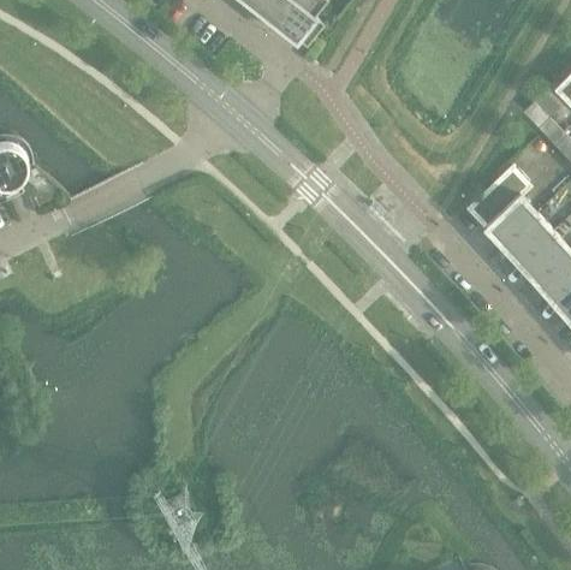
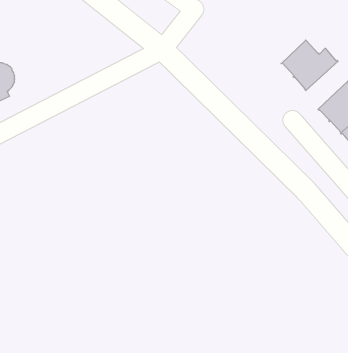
building: none -> [281,40,338,91]

